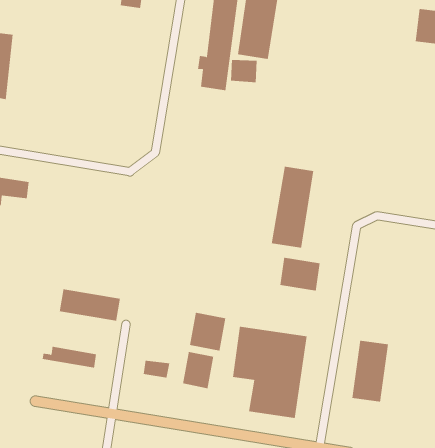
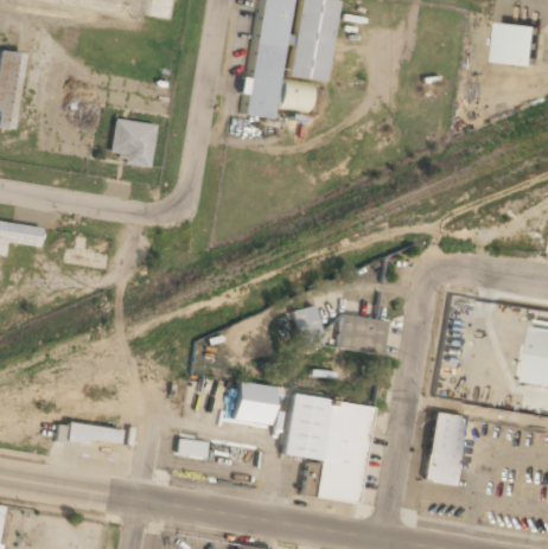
building: none -> [113,117,159,167]
building: [271,166,314,249] -> none
building: none -> [294,307,325,341]
building: [59,288,120,322] -> none
building: [183,351,214,389] -> none

